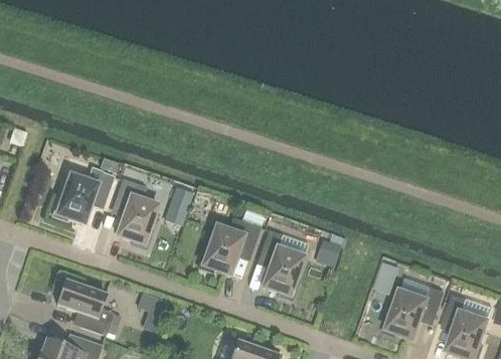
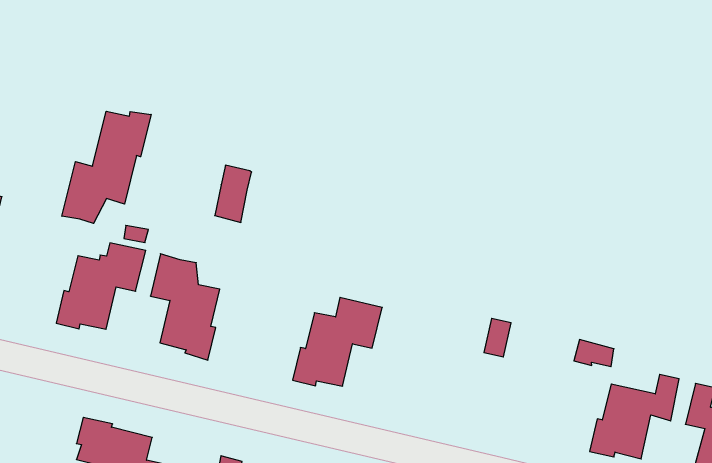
building: none -> [62,111,151,223]
building: [165,186,191,223] -> [215,165,252,222]
building: [260,230,304,300] -> none

